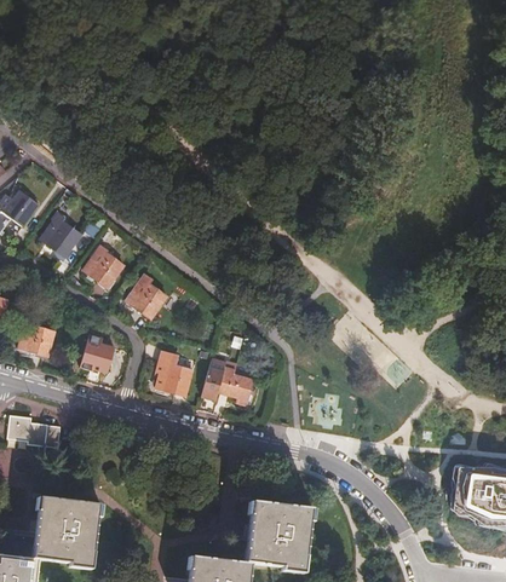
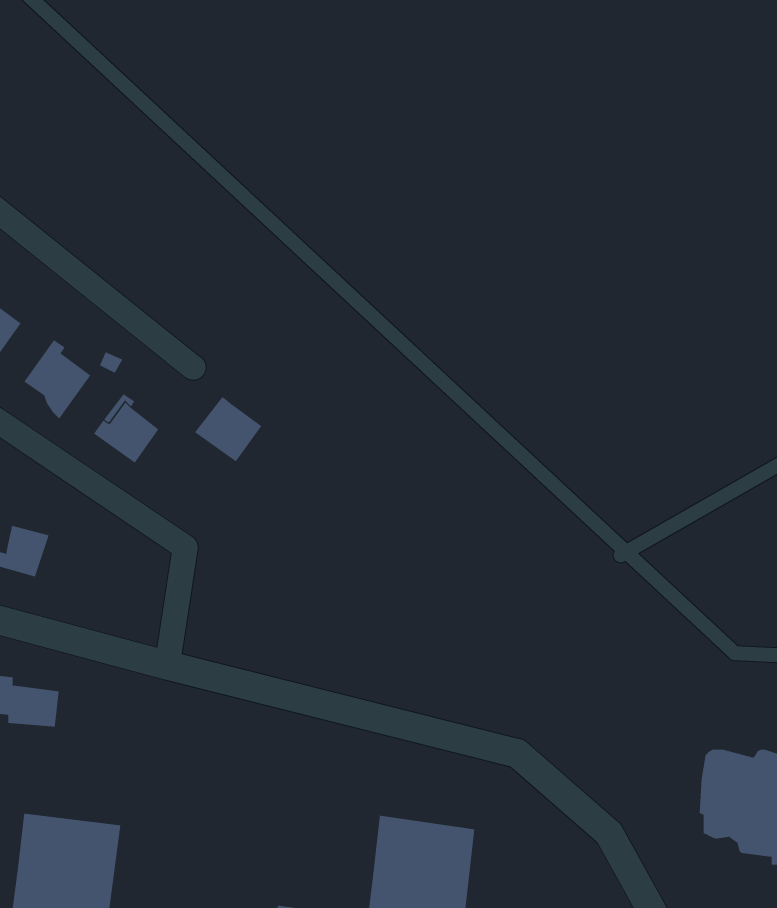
building: [123,281,165,321] -> [194,396,262,462]
building: [80,340,119,374] -> none
building: [155,353,192,397] -> none
building: [201,357,252,405] -> none

